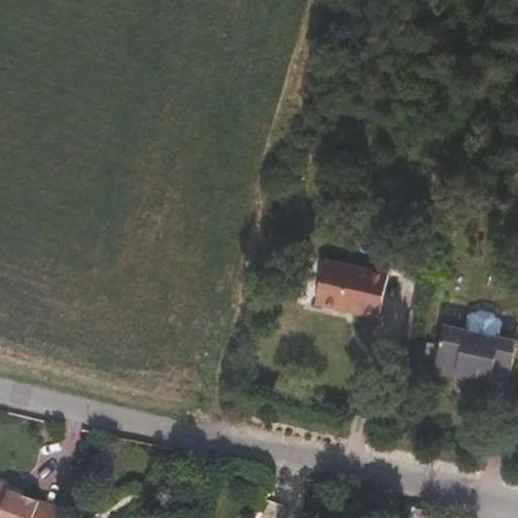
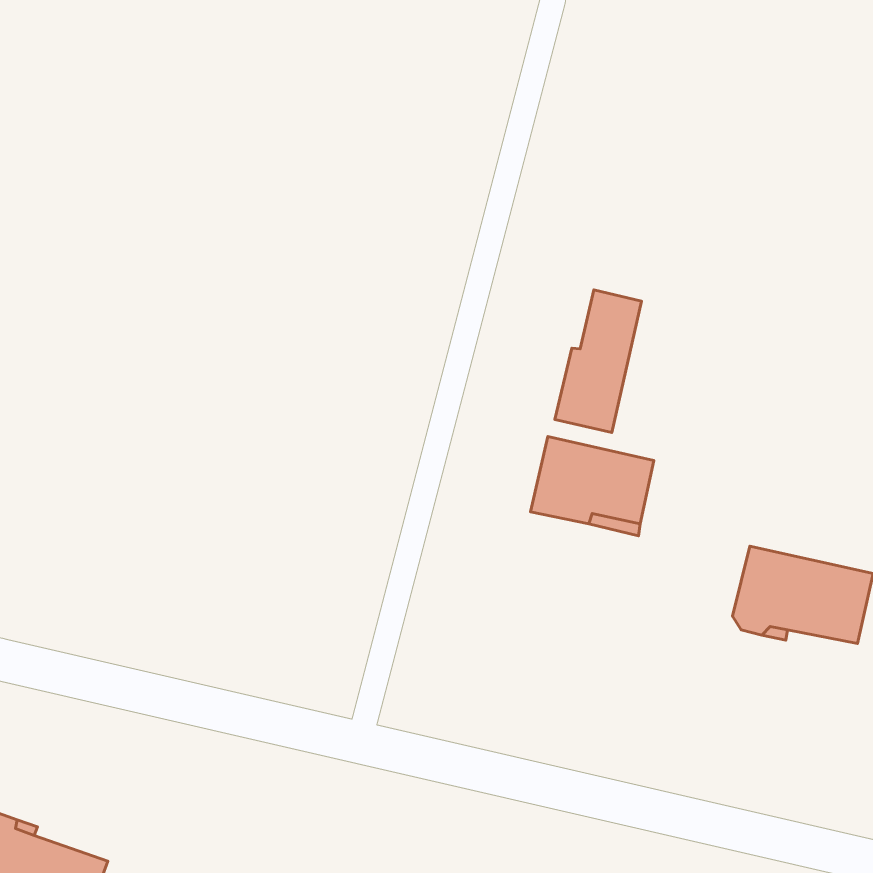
building: none -> [555,290,641,432]

